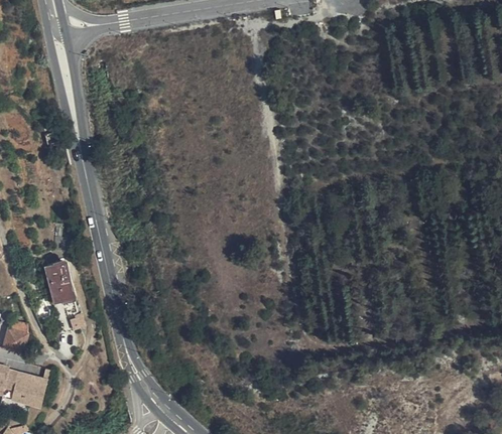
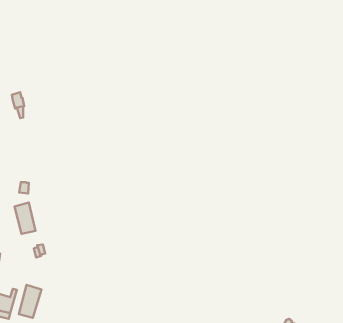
building: none -> [19,285,41,318]

